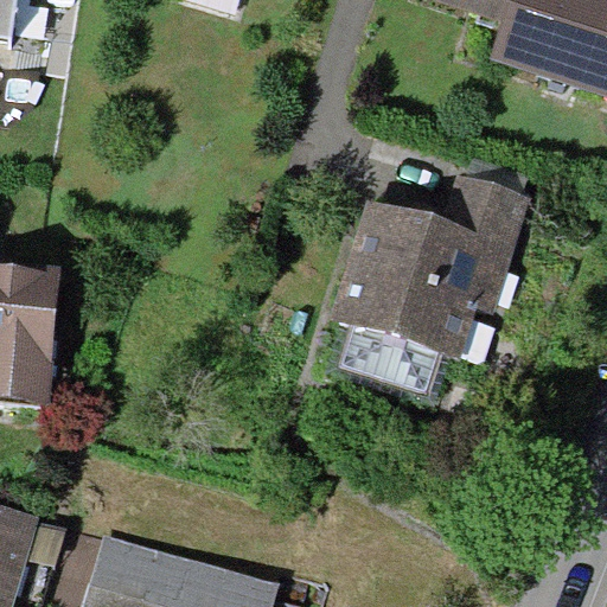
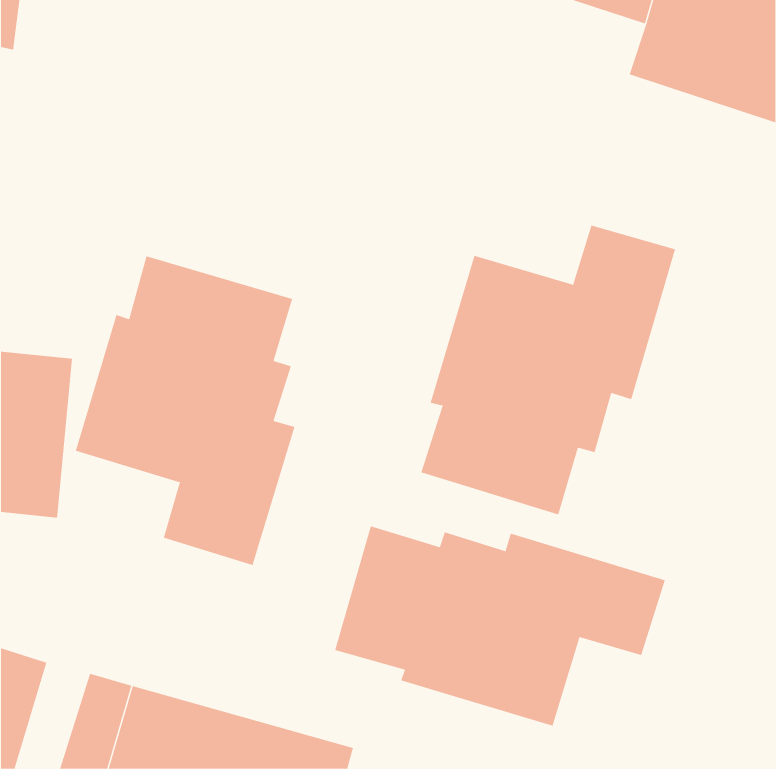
building: none -> [75,256,295,566]
building: none -> [334,525,665,727]

